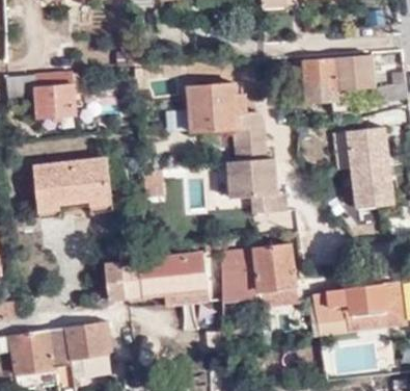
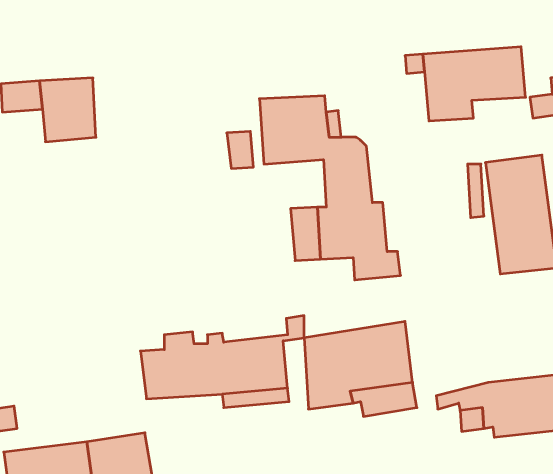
building: [33,154,114,217] -> none

